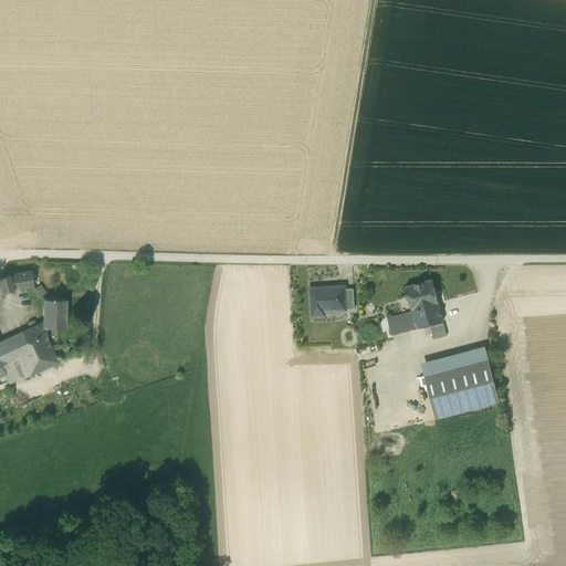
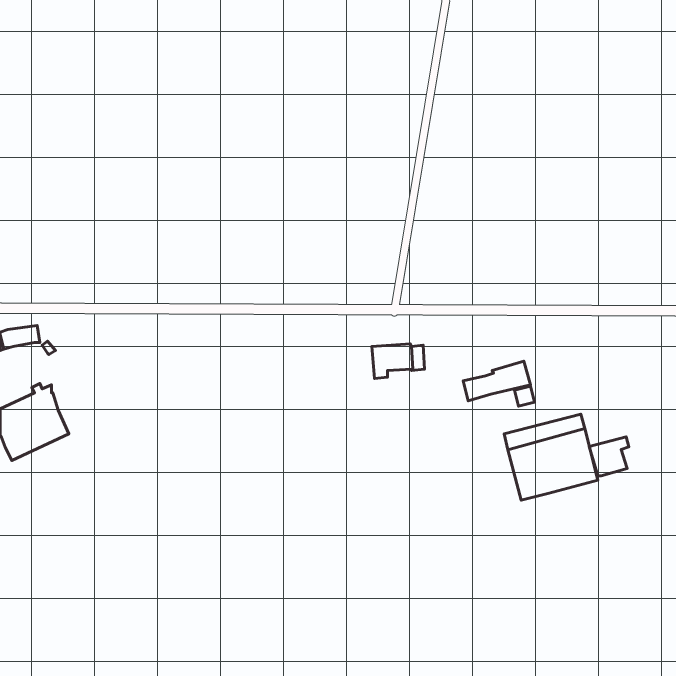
building: [406,280,438,310] -> none
building: [43,298,66,328] -> none
building: none -> [589,437,629,476]

